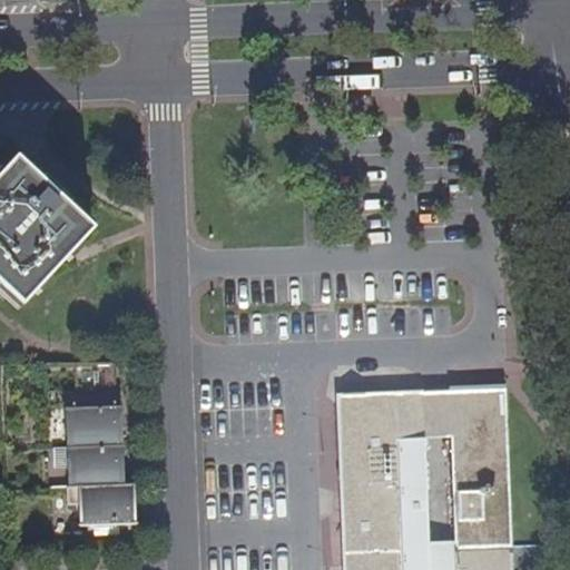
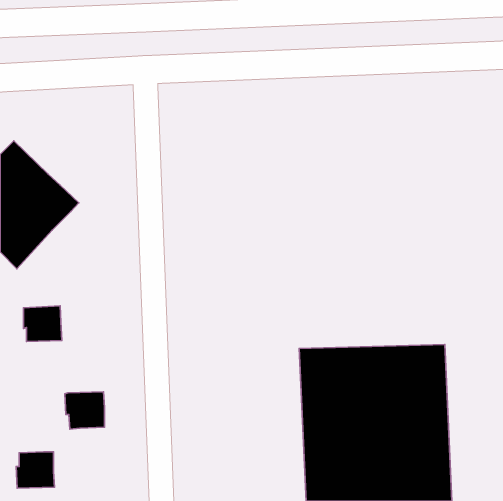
building: [73,404,117,444] -> [24,306,62,341]
building: [87,483,130,524] -> [16,452,55,488]

